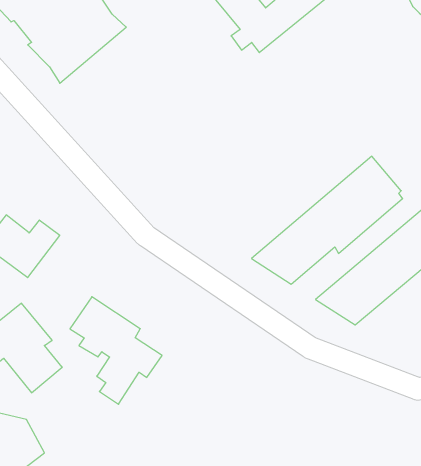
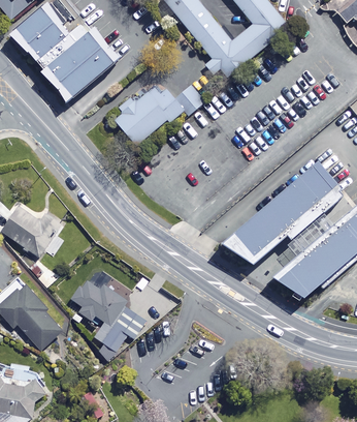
building: none -> [111,84,200,147]

